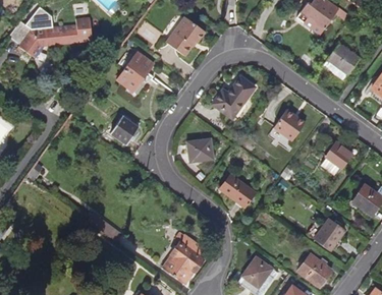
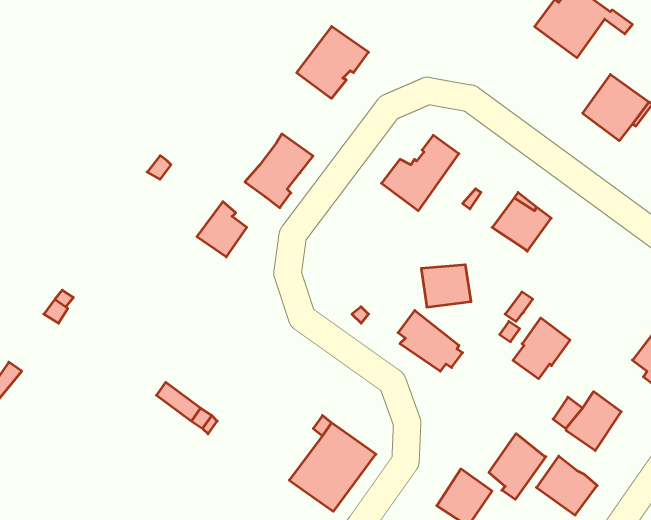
building: [9,6,93,57] -> none
building: [116,52,154,93] -> [245,134,313,208]
building: [186,138,214,162] -> [421,265,471,307]
building: [320,141,351,175] -> [513,318,570,379]
building: none -> [489,434,546,499]

